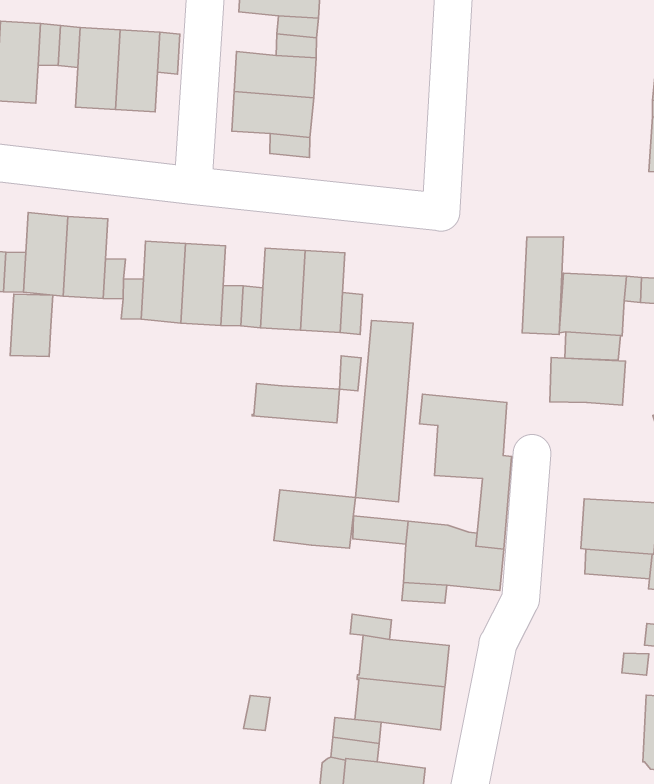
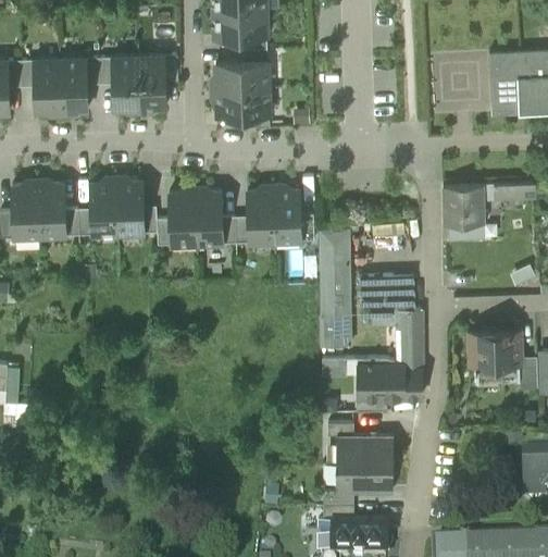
building: [522,237,564,334] -> none
building: [10,294,53,356] -> none
building: [550,358,625,405] -> none
building: [252,384,340,423] -> none
building: [274,490,355,548] -> none

